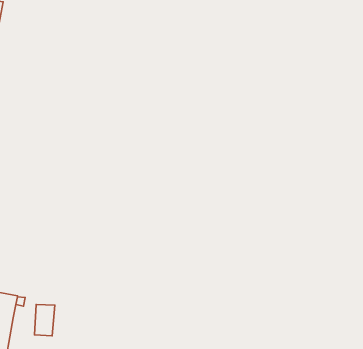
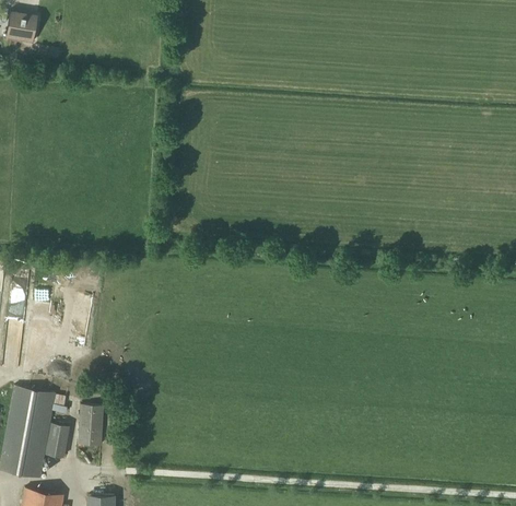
building: none -> [45,422,69,457]

